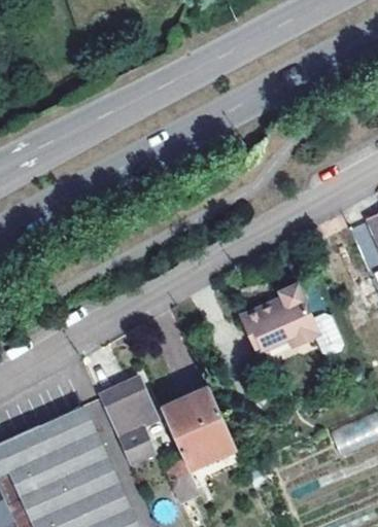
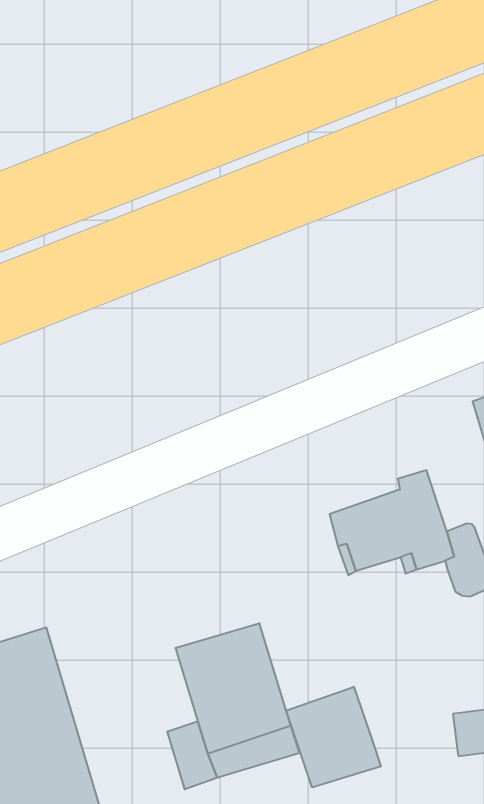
building: [99,377,158,462] -> none
building: none -> [286,687,381,787]

